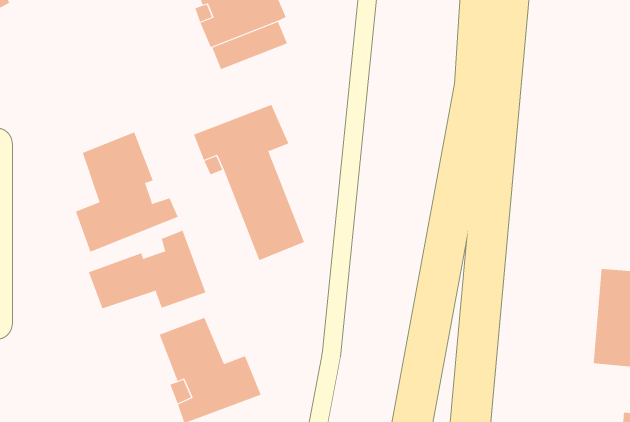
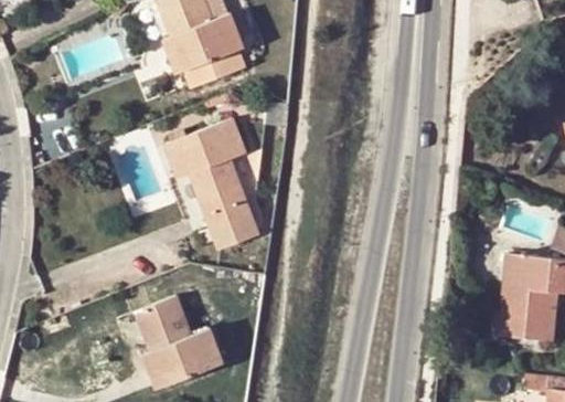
building: [75,132,179,253] -> none
building: [88,230,206,309] -> none

